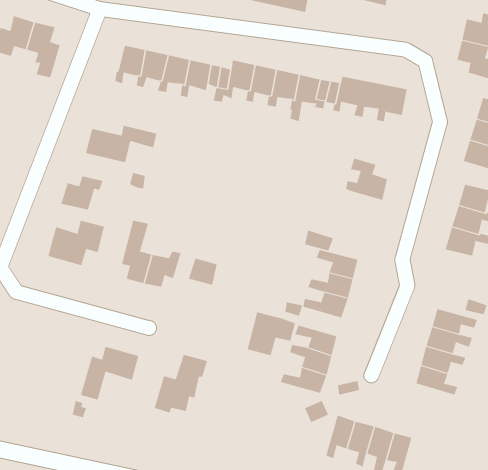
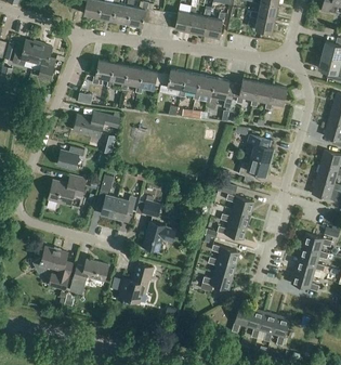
building: none -> [239,156,270,180]
building: [247,312,296,356] -> [142,221,174,250]
building: none -> [34,246,73,290]

